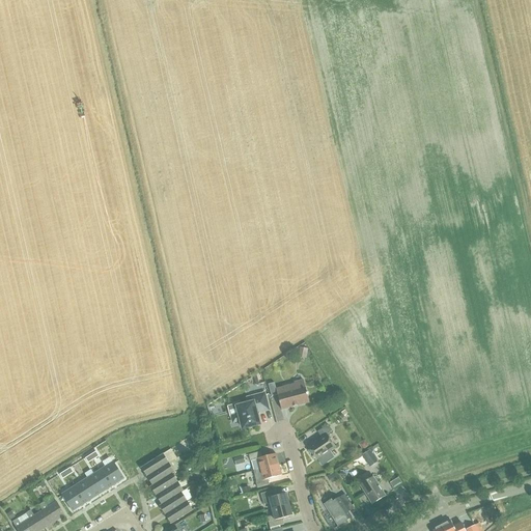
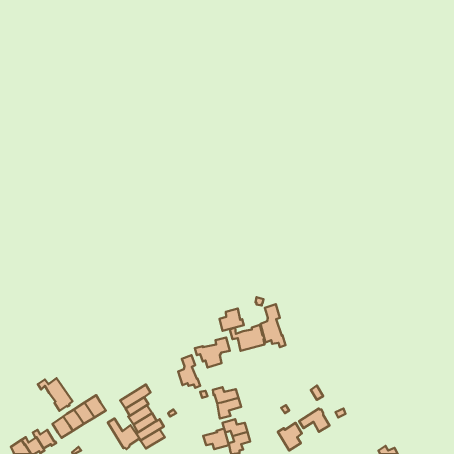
building: none -> [261,304,286,347]
building: none -> [219,308,244,331]
building: none -> [178,355,200,388]
building: [307,424,334,464] -> none
building: none -> [38,378,72,411]
building: none -> [108,419,139,449]
building: none -> [203,428,229,449]

